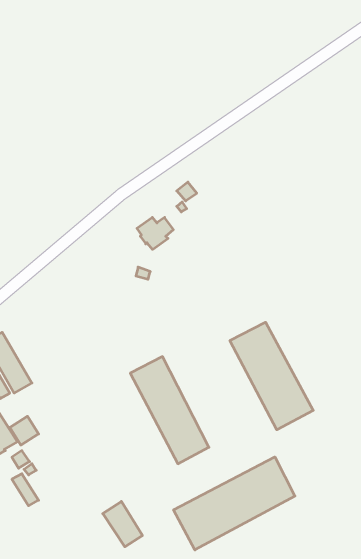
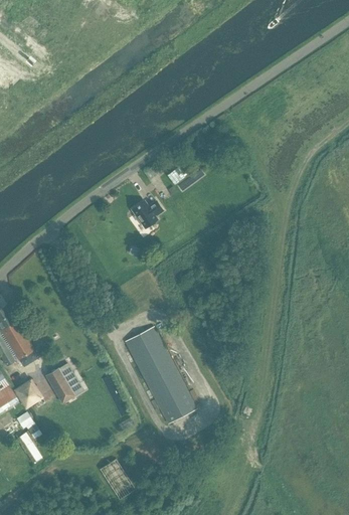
building: [230,322,313,430] -> none
building: none -> [45,362,82,402]
building: [174,457,295,550] -> none

